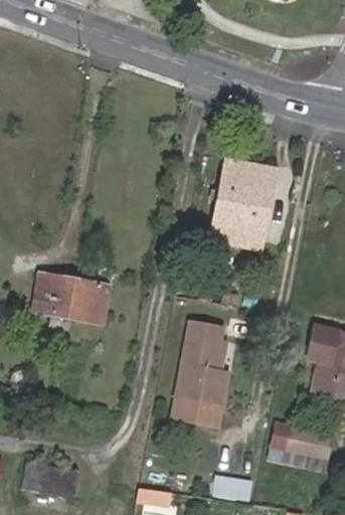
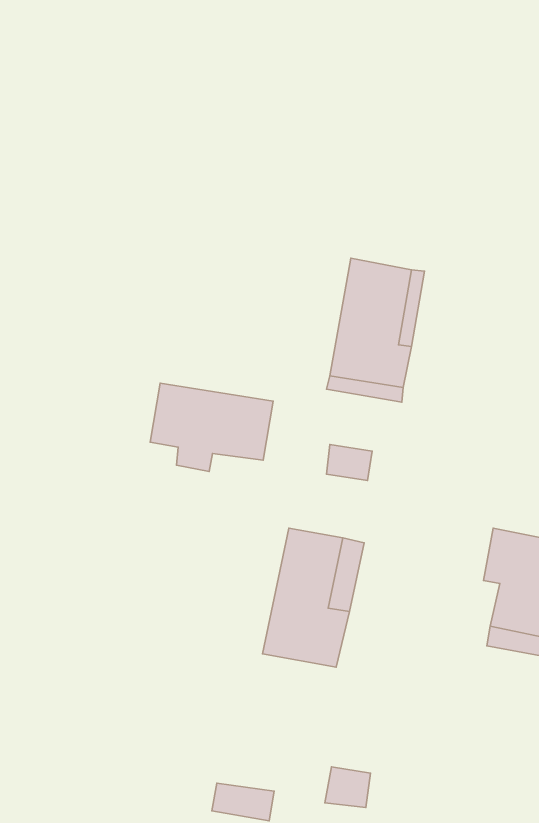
building: [31,275,107,329] -> [150,383,273,472]
building: [285,427,330,458] -> none
building: [22,464,75,497] -> none

